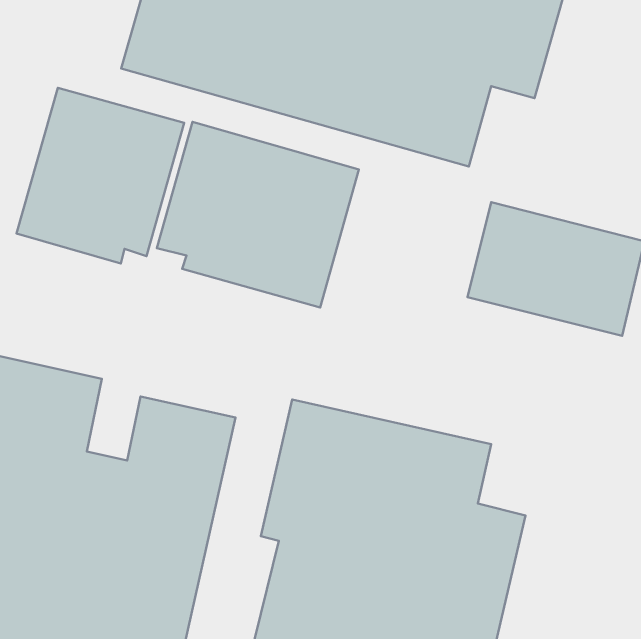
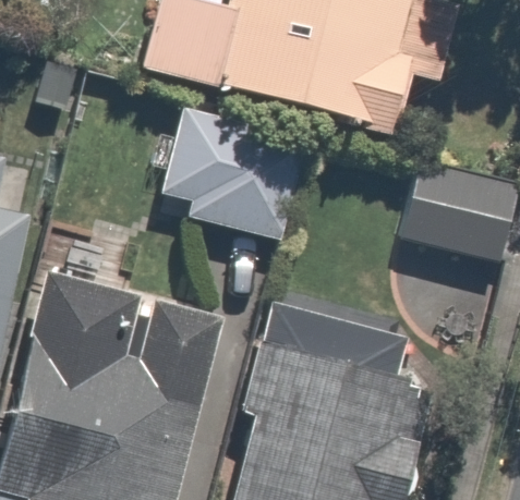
building: [16,88,184,263] -> none

